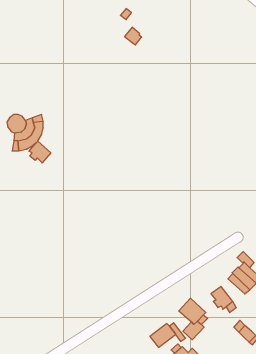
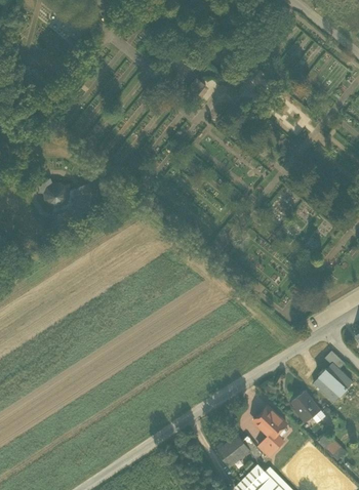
building: [29,141,51,163] -> none

